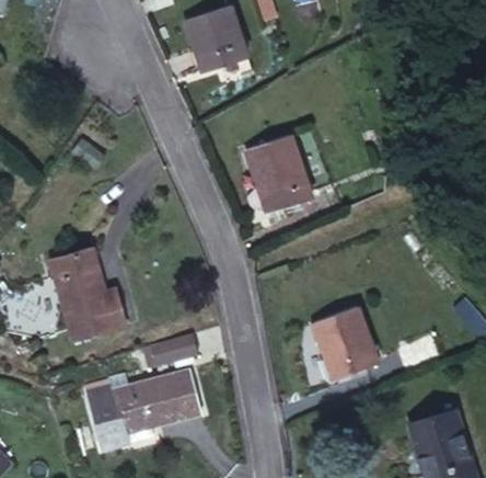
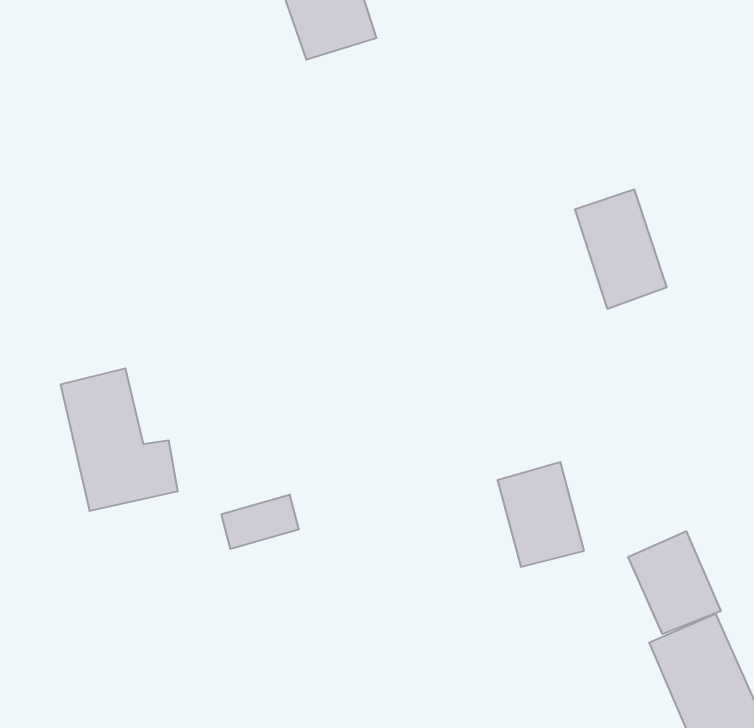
building: [252,137,308,209] -> [575,190,667,309]
building: none -> [628,531,721,634]
building: [86,372,199,453] -> none

